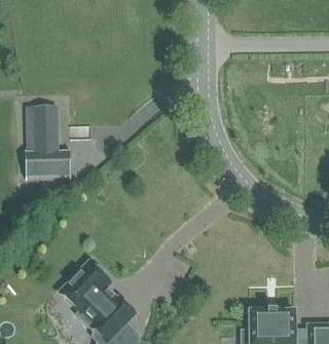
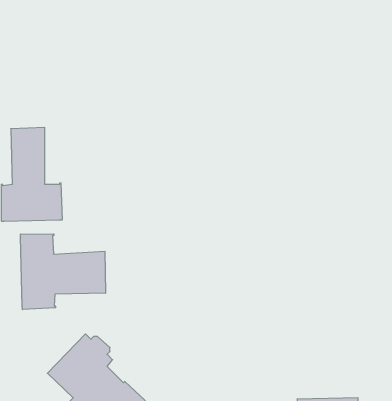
building: none -> [21,234,105,310]

